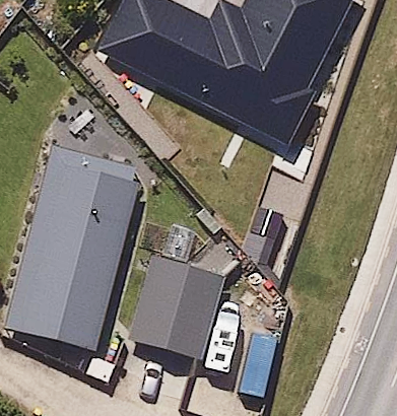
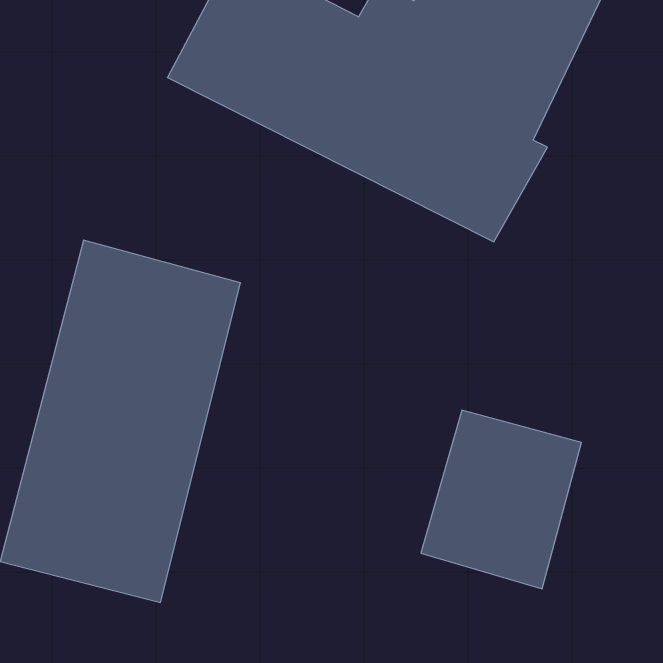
building: [130,256,221,357] -> [421,410,581,589]

